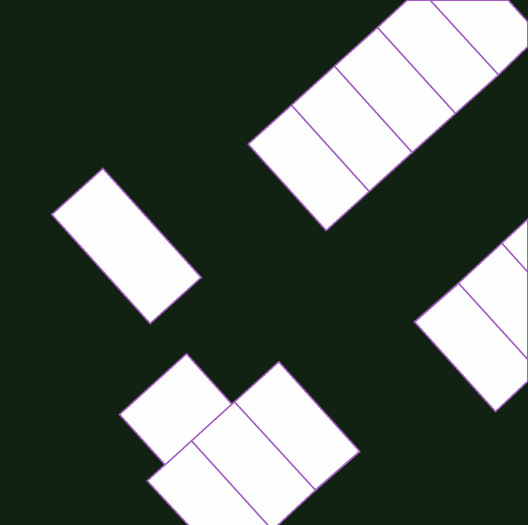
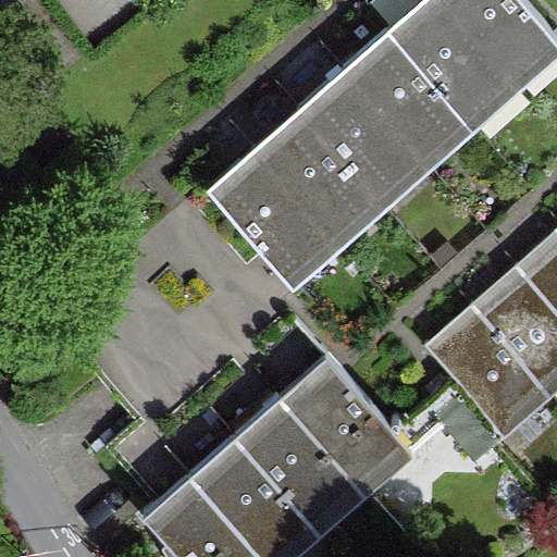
building: none -> [212,162,337,290]
building: [52,168,201,324] -> none
building: none -> [288,347,417,480]
building: [120,354,232,465] -> none

